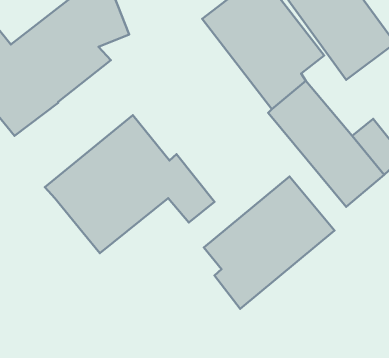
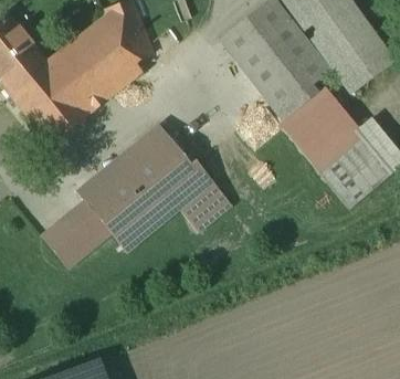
building: [204,176,335,309] -> none
building: none -> [43,201,112,267]

